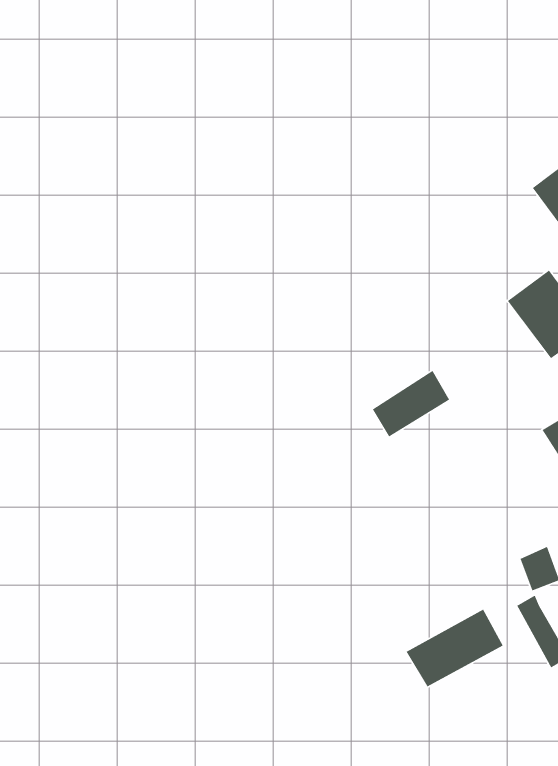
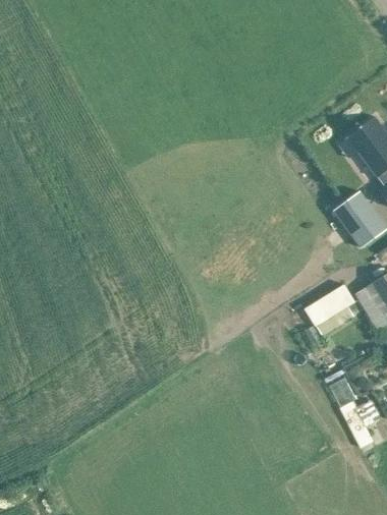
building: [372,370,450,437] -> [303,283,354,327]
building: [406,609,504,687] -> none

